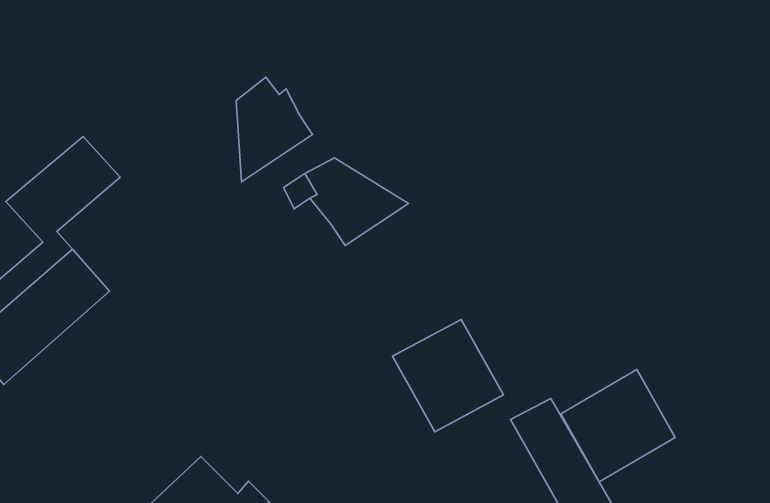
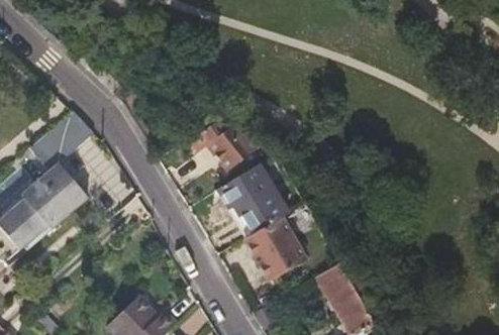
building: [236,77,313,182] -> none
building: none -> [219,160,288,236]
building: [561,370,675,482] -> none

